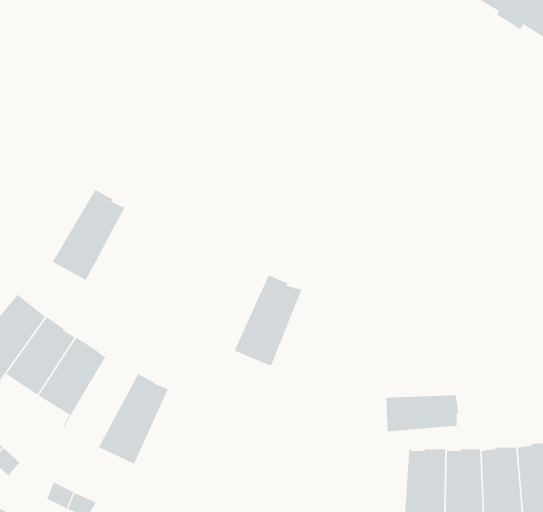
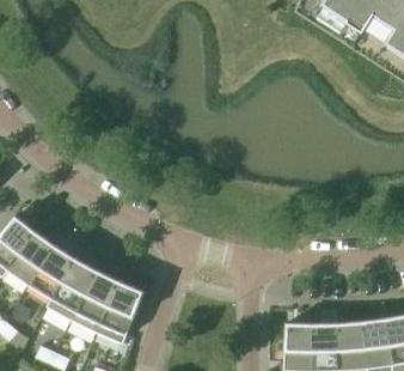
building: [52,189,126,281] -> [47,259,98,322]
building: [234,275,303,366] -> [96,281,143,345]
building: [386,394,459,432] -> none

